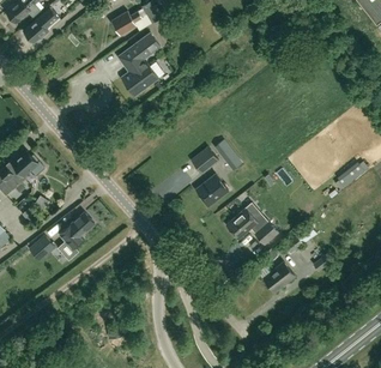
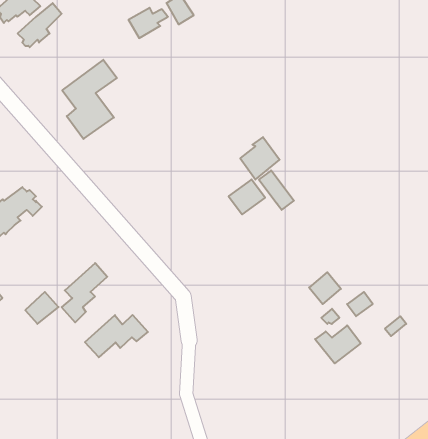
building: [119,32,162,95] -> [62,60,117,139]
building: [196,173,228,206] -> [240,137,280,180]
building: [228,207,268,239] -> none
building: none -> [85,315,148,357]

